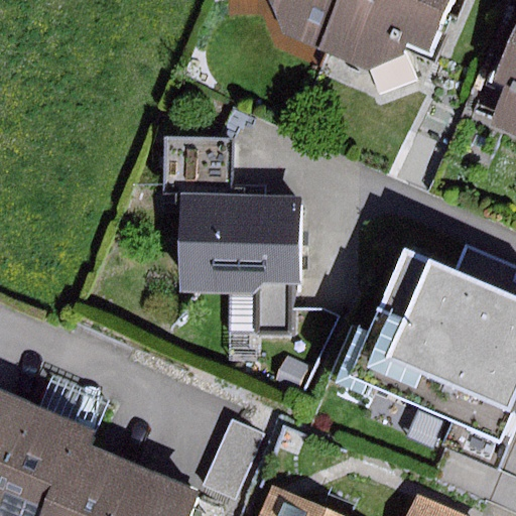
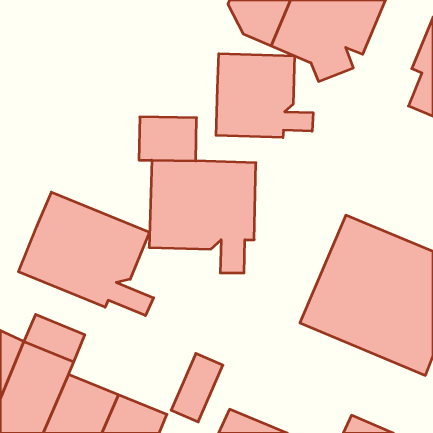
building: none -> [216,54,313,138]
building: none -> [18,192,154,316]

